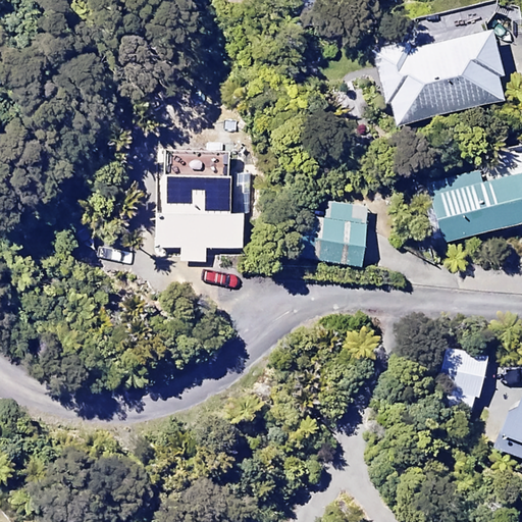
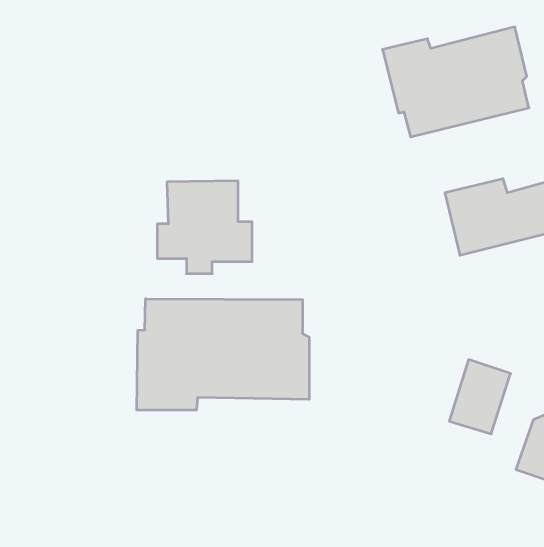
building: [302,201,371,264] -> none
building: none -> [137,299,309,410]

